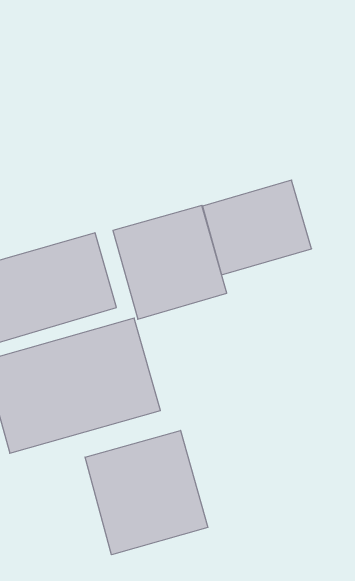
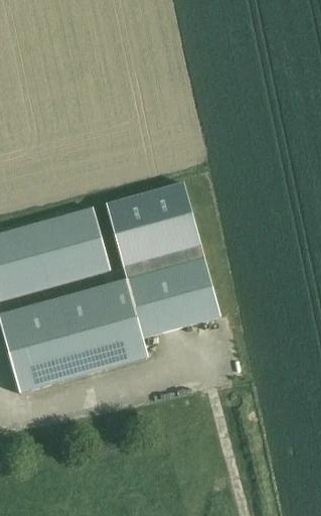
building: [203,180,312,275] -> [128,257,220,338]
building: [85,430,208,555] -> none

